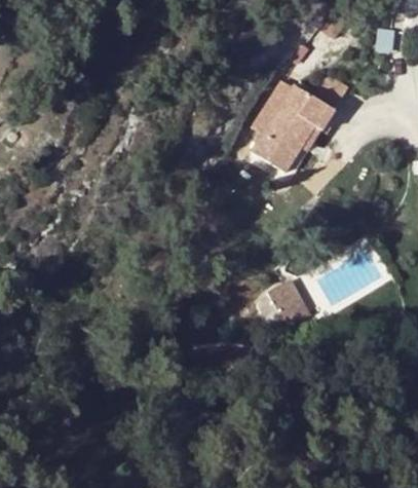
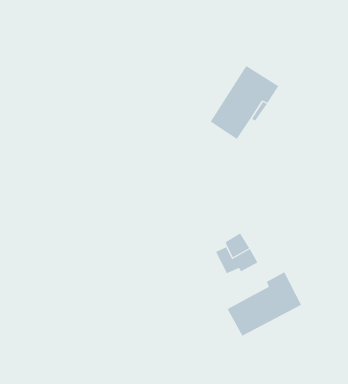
building: none -> [227,271,302,336]

